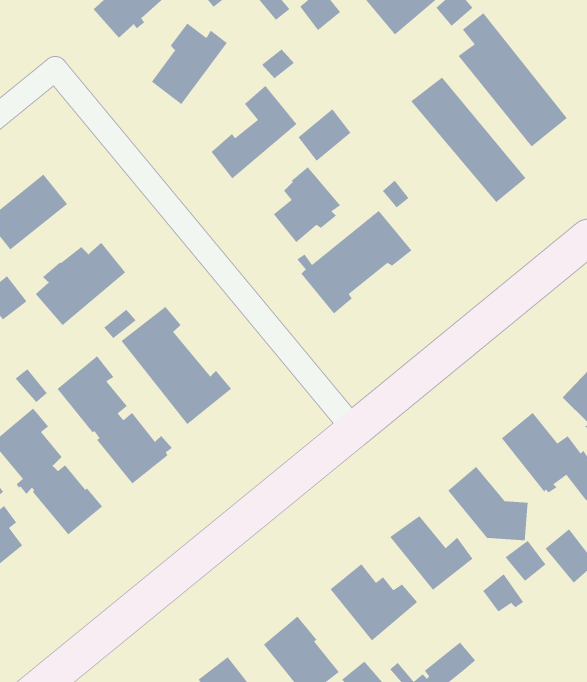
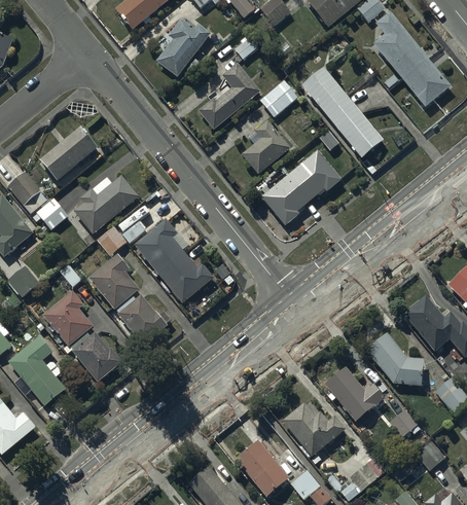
building: [410,77,526,203] -> [300,68,383,157]
building: none -> [97,225,127,255]
building: [505,540,547,582] -> [415,440,444,470]

